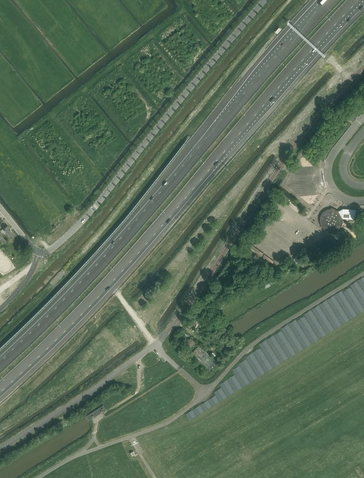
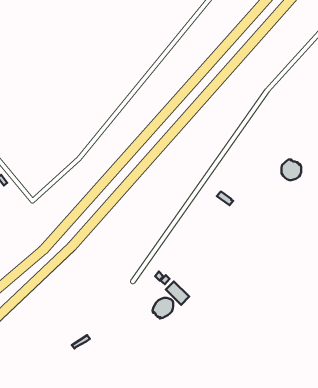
building: none -> [153,298,173,318]

